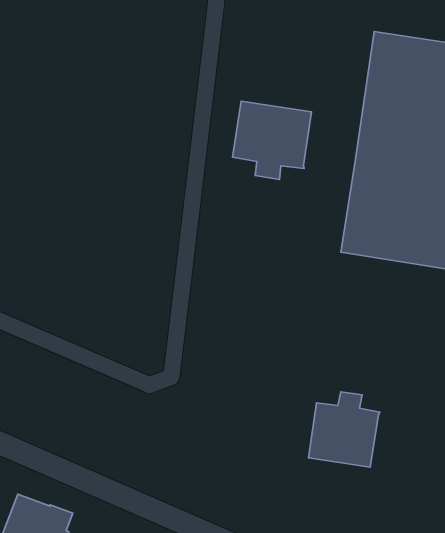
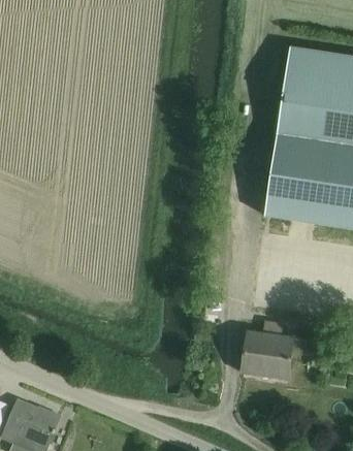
building: [232,101,312,180] -> none

